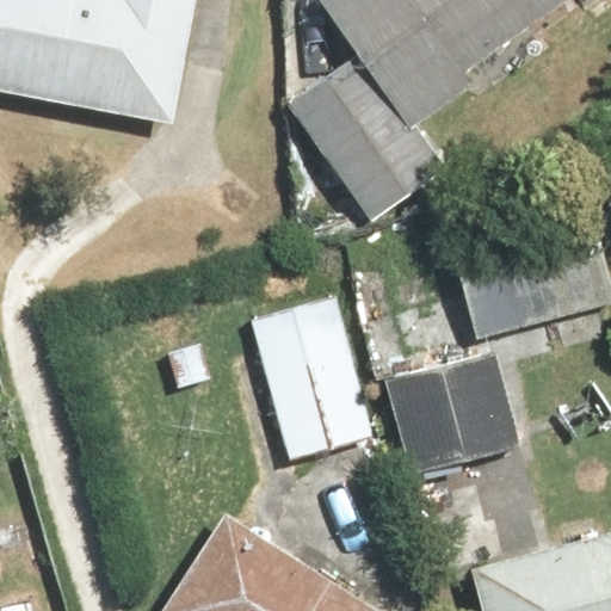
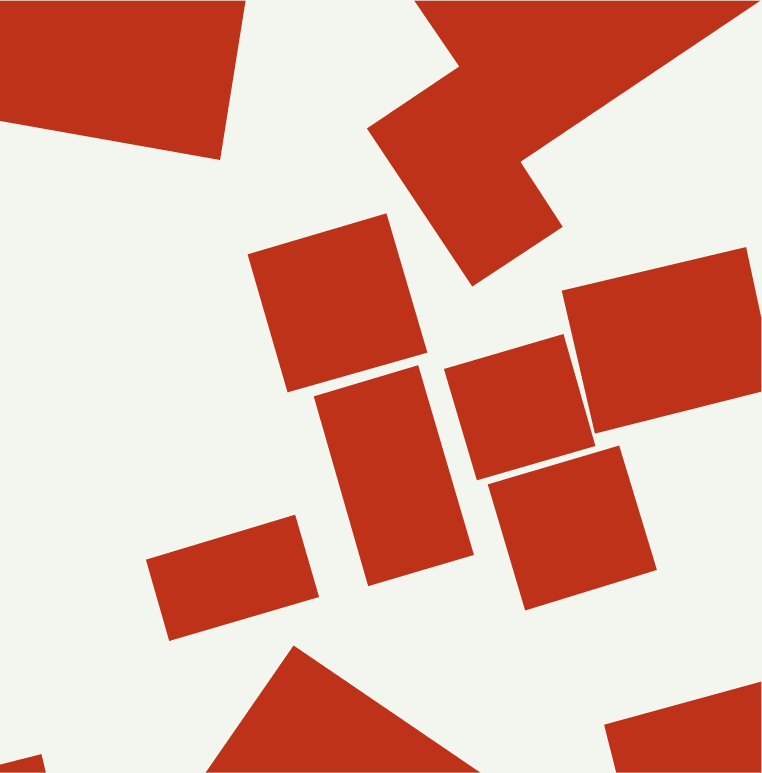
building: none -> [247,212,428,393]
building: none -> [443,333,596,481]
building: none -> [145,514,320,642]

